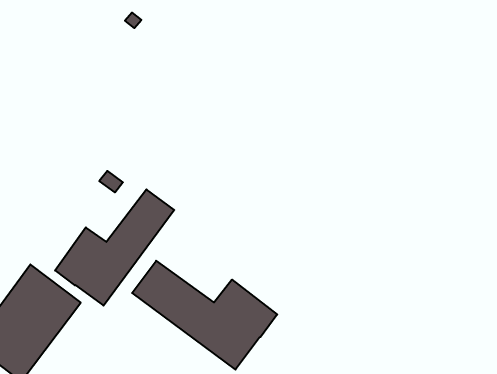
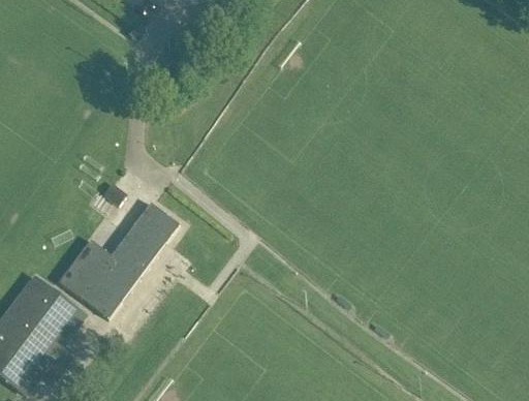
building: [132,261,277,370] -> none

